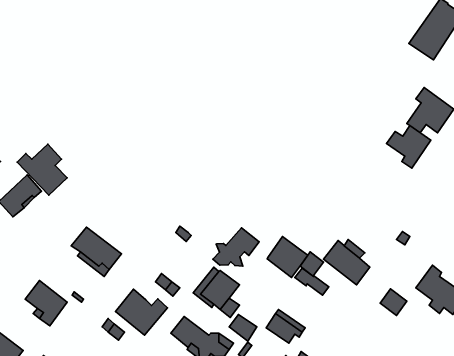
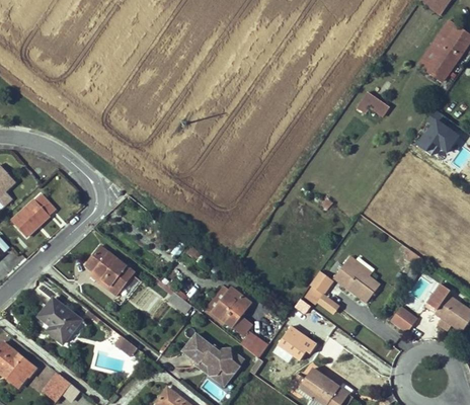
building: none -> [358,92,390,116]
building: [387,126,431,168] -> none
building: [17,144,67,195] -> none
building: [213,228,259,266] -> none
building: [267,237,308,277] -> none
building: [115,289,168,335] -> none

